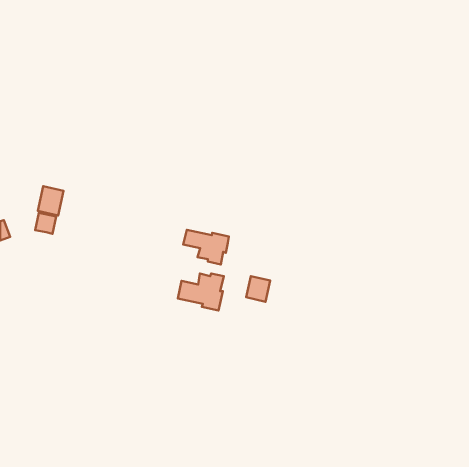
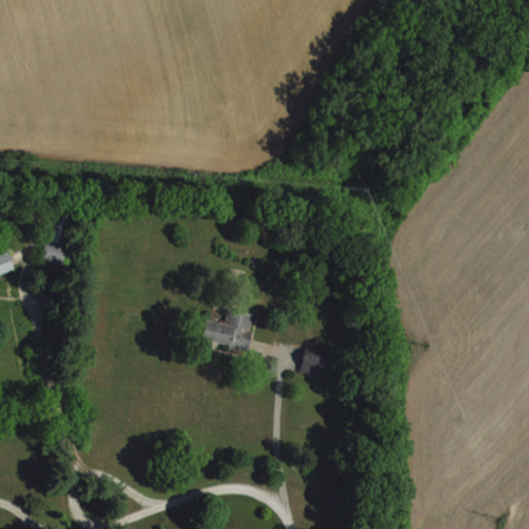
building: [183,230,229,264] -> none
building: [246,276,270,302] -> [300,348,326,377]

